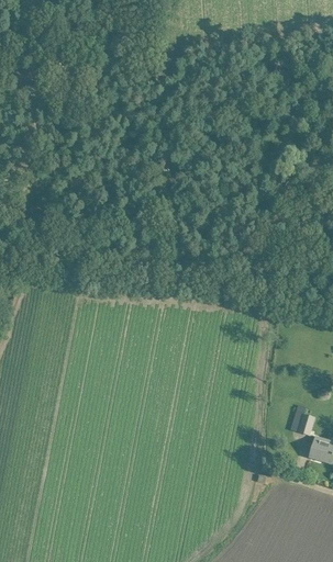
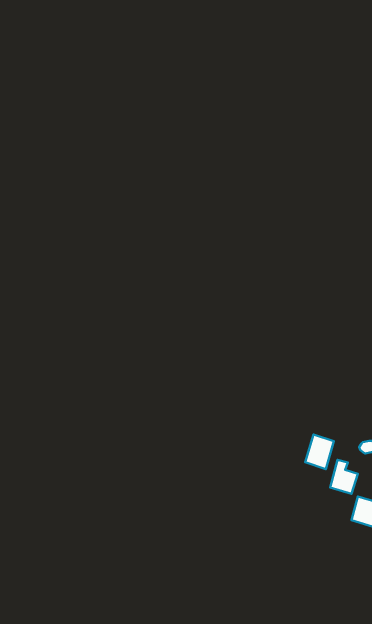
building: none -> [305,434,334,469]

